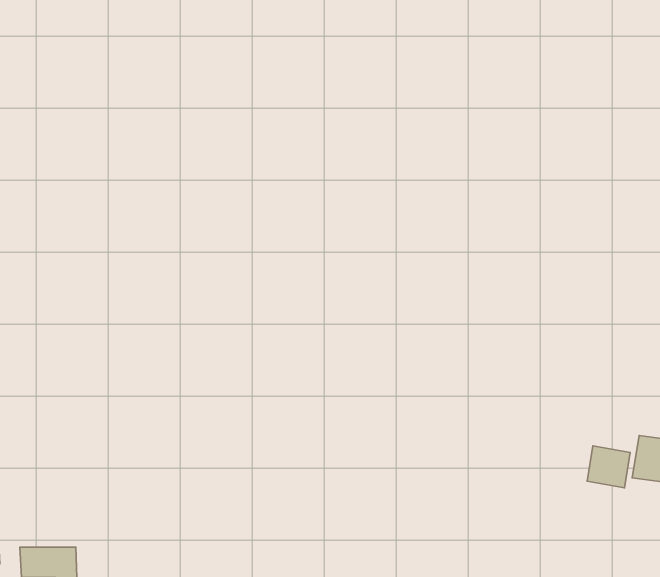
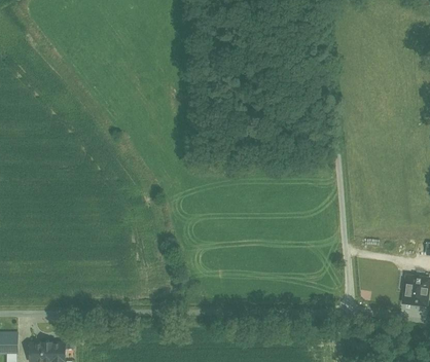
building: [587,446,630,488] -> none

